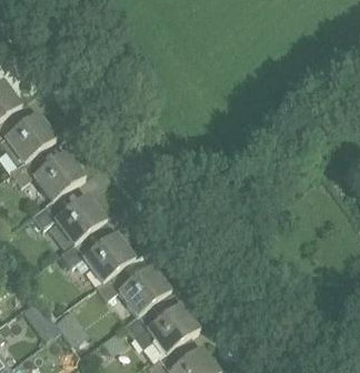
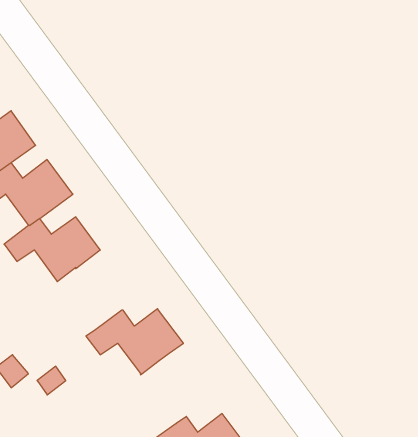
building: [60,232,134,282] -> none
building: [123,300,199,354] -> none

